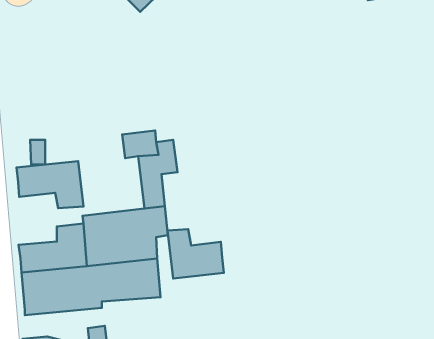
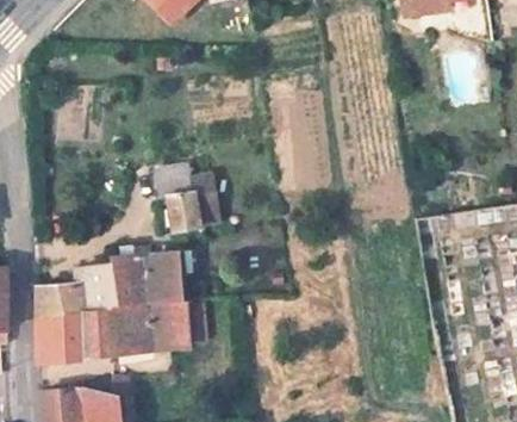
building: [17,161,84,208] -> none
building: [167,229,224,278] -> none

